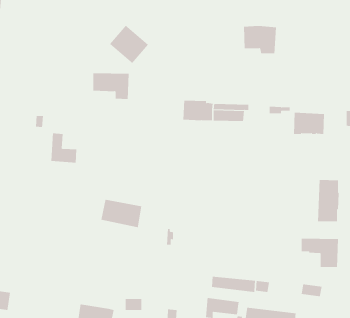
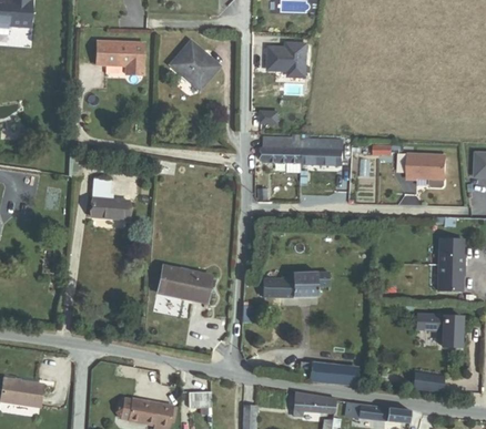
building: [243,25,277,54] -> [264,41,307,78]
building: [92,73,129,100] -> [95,41,143,75]
building: none -> [264,272,330,296]

